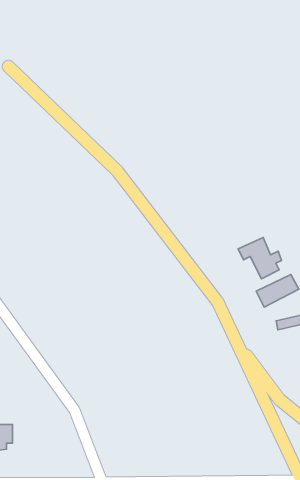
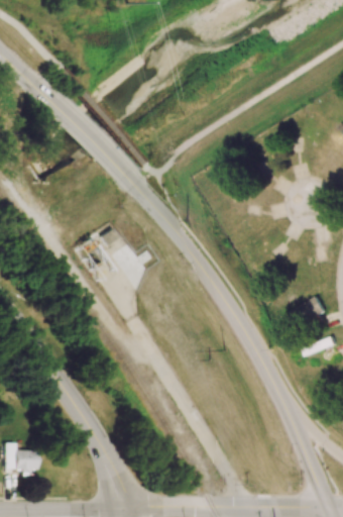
building: [238,238,282,279] -> none

